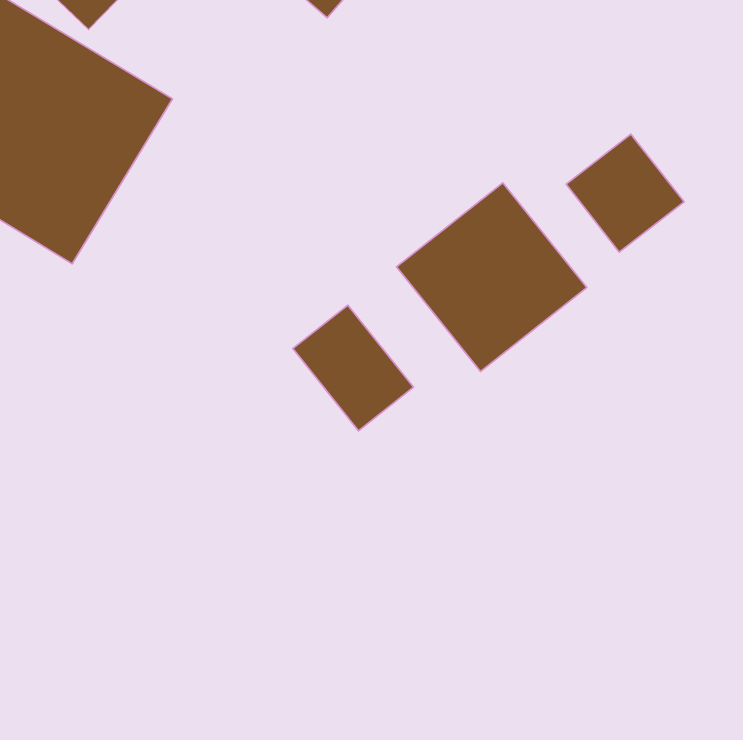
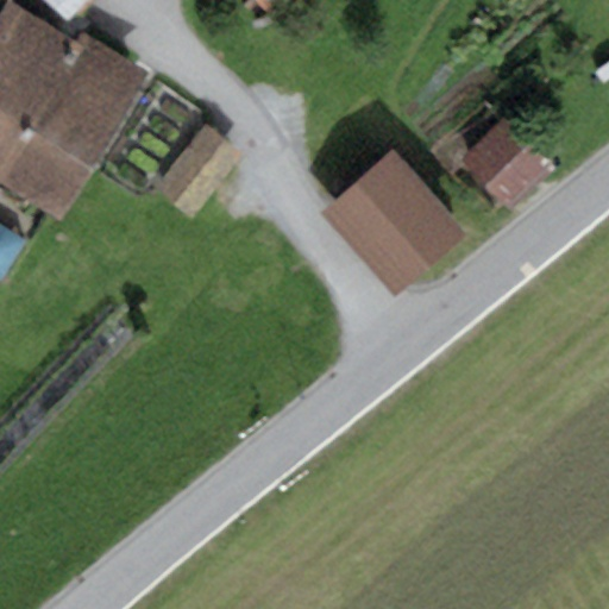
building: [293,305,414,431] -> none

